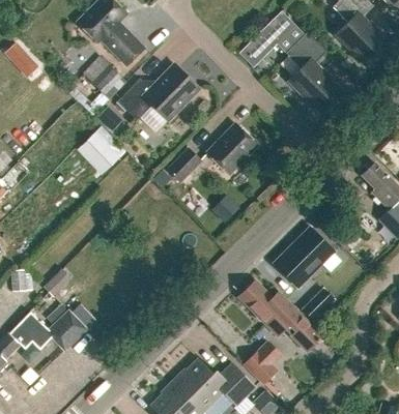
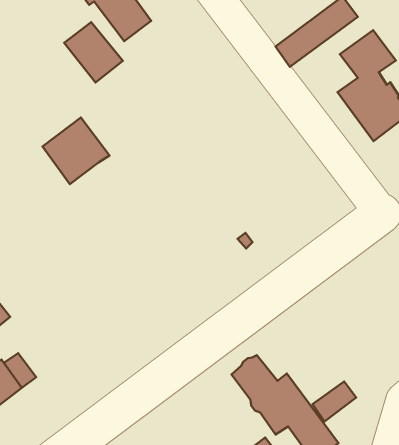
building: [118,65,198,120] -> none
building: [207,123,257,174] -> none
building: [167,148,201,181] -> none
building: [274,226,335,287] -> none

